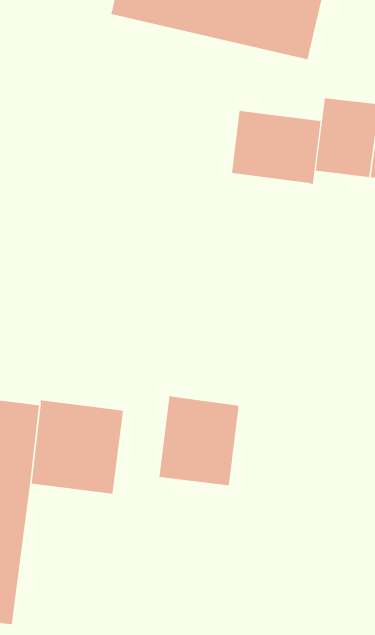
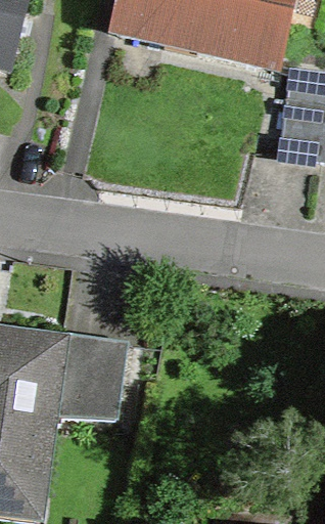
building: [231,110,321,185] -> none
building: [159,395,239,486] -> none

